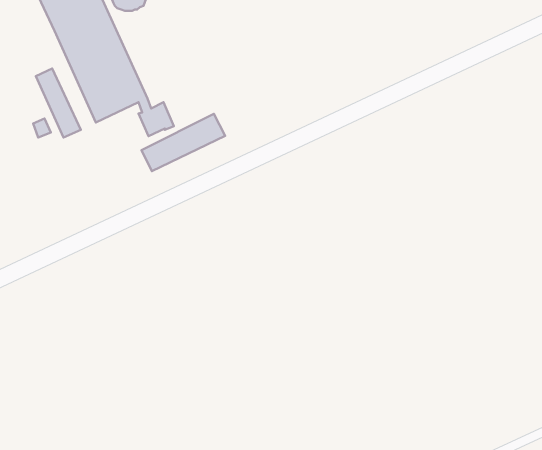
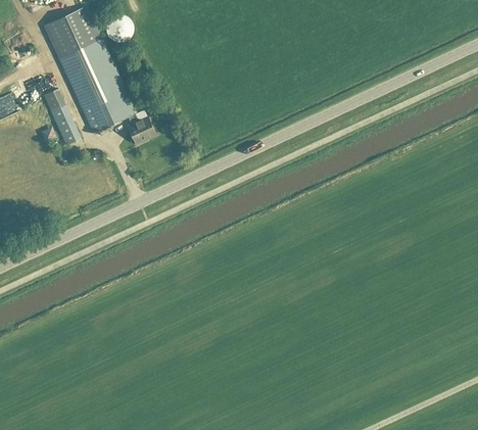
building: [142,114,225,171] -> none

